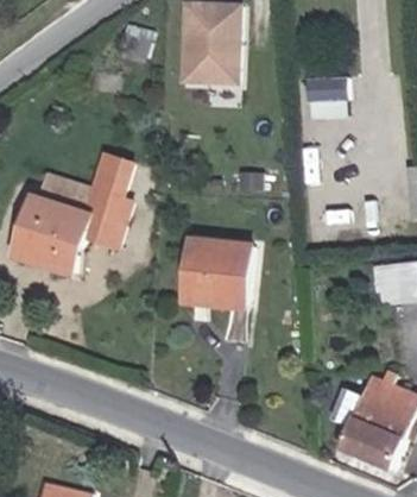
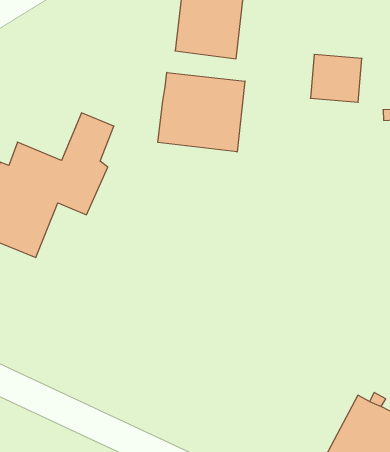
building: none -> [158,72,245,152]
building: [185,243,247,310] -> none

